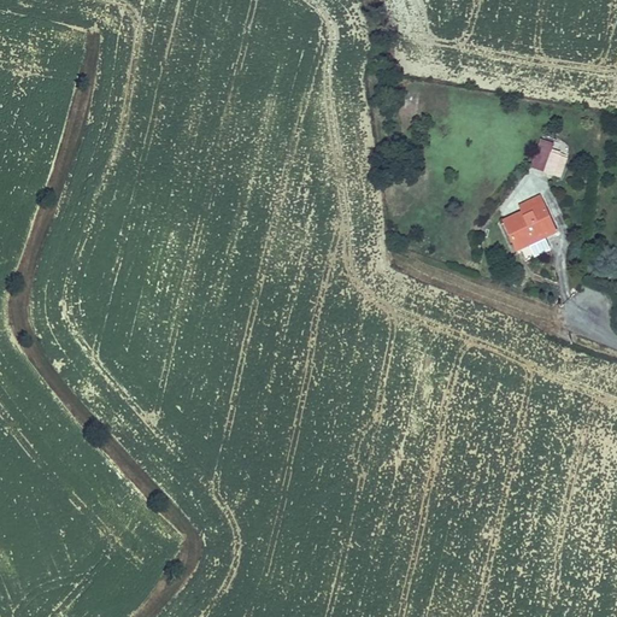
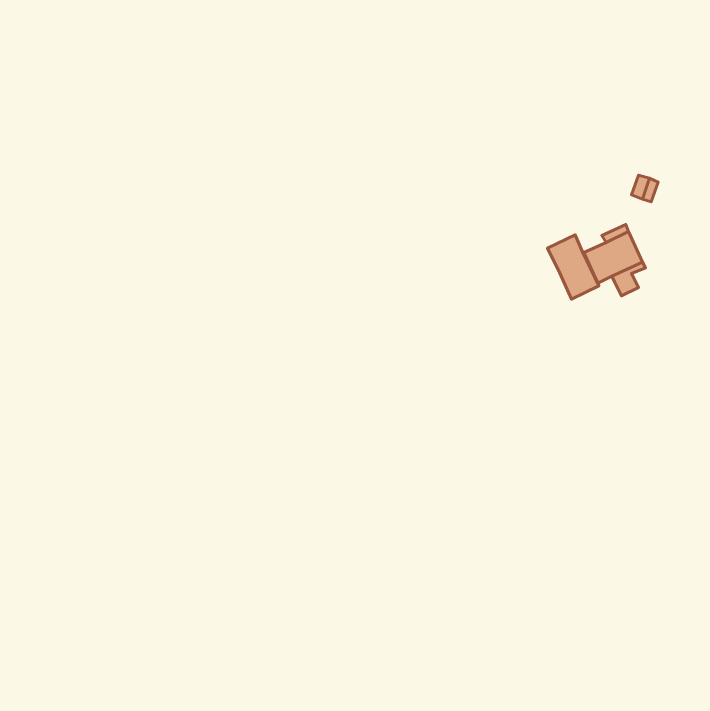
building: none -> [548,235,599,299]

